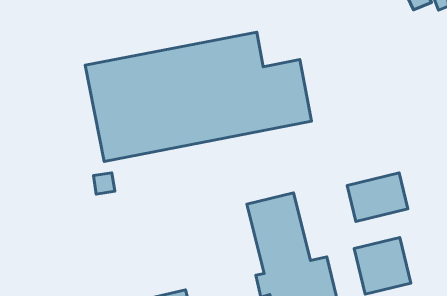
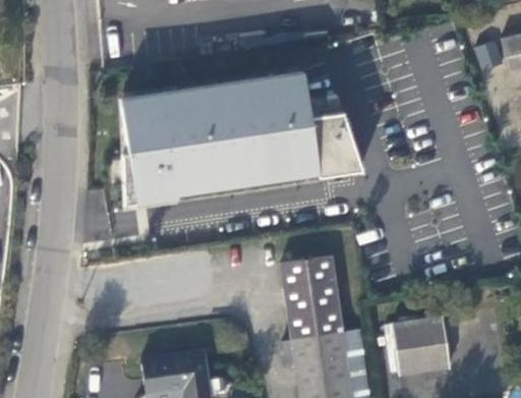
building: [347,173,408,221] -> none

